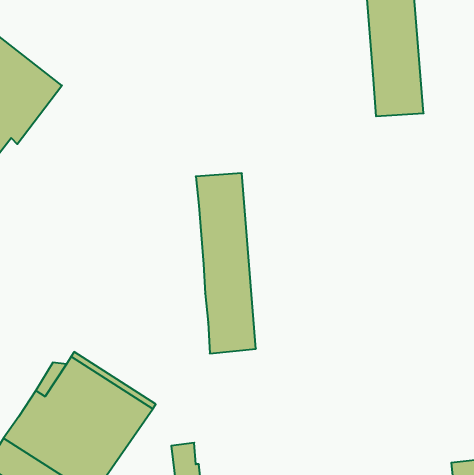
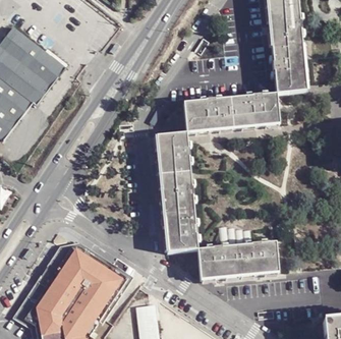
building: none -> [182,91,277,128]
building: none -> [194,238,275,276]

